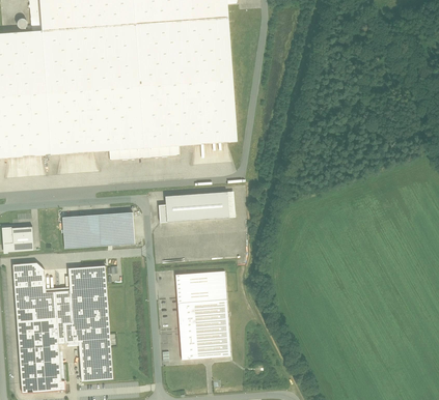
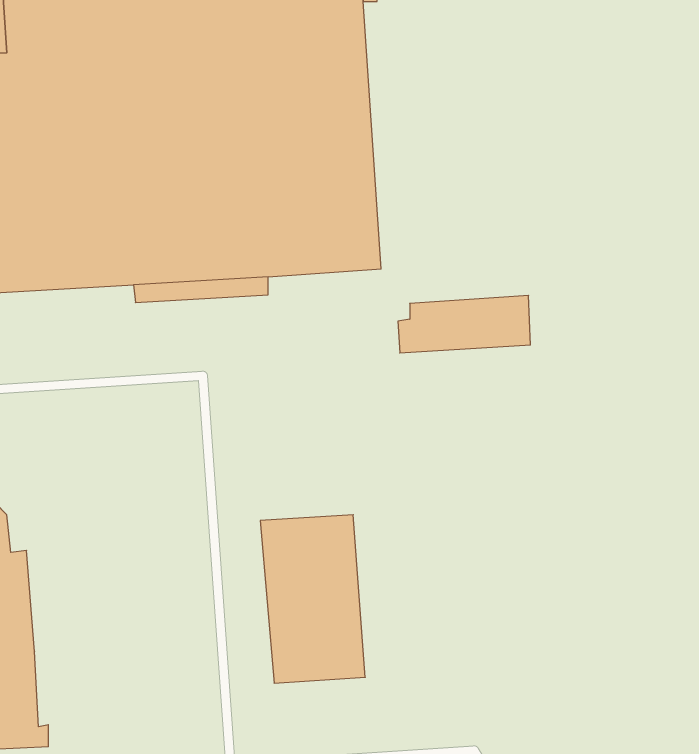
building: [159,191,228,221] -> [398,295,530,353]
building: [61,210,135,248] -> none
building: [52,264,111,378] -> none

